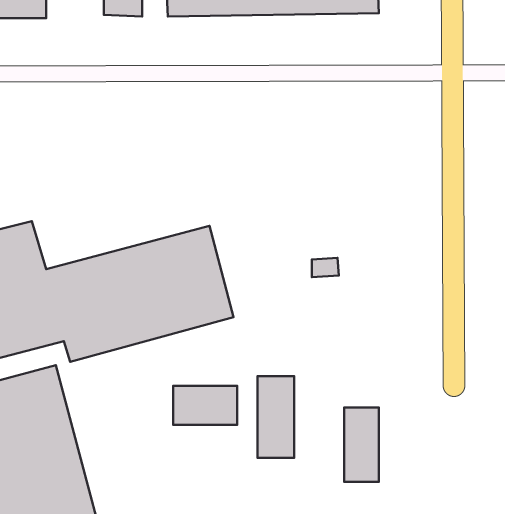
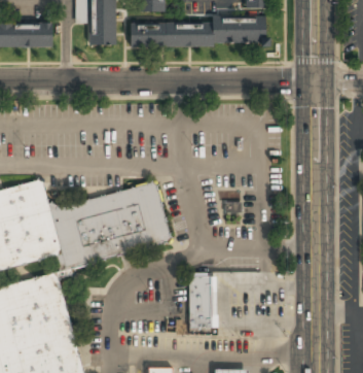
building: [173,386,237,425] -> none
building: [344,408,379,482] -> none

